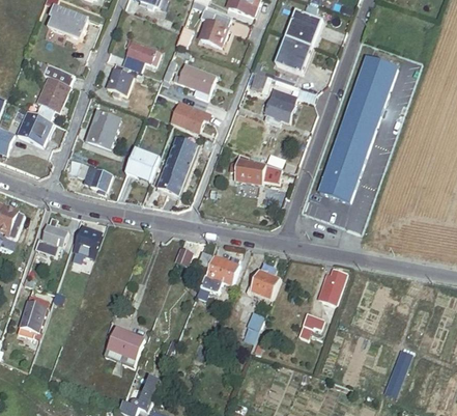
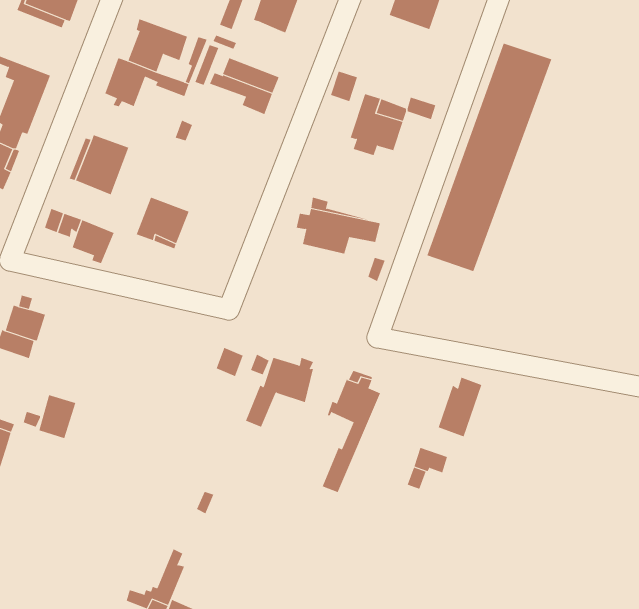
building: [277,36,313,73] -> none
building: [174,109,213,131] -> none
building: [161,137,201,194] -> none
building: [79,225,103,253] -> [39,395,76,439]
building: [106,326,146,365] -> none

